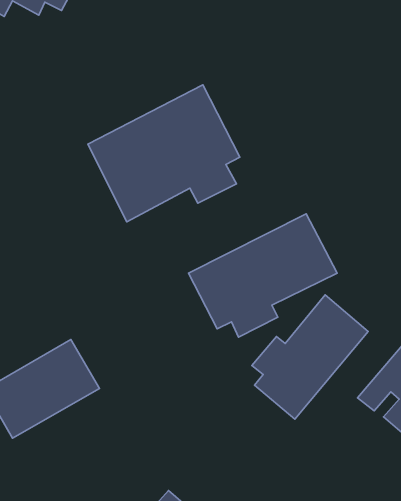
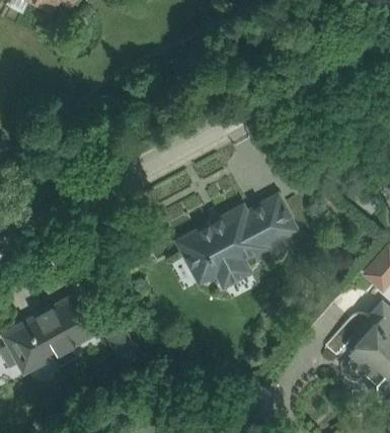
building: [88,85,240,222] -> none
building: [252,295,368,419] -> none

